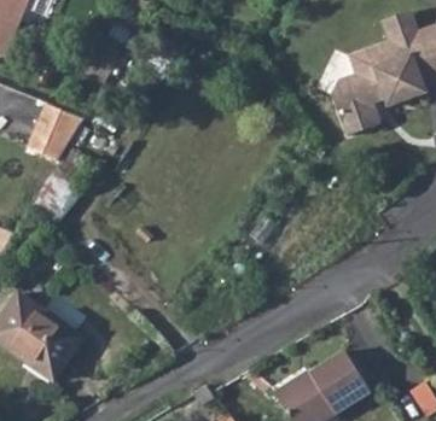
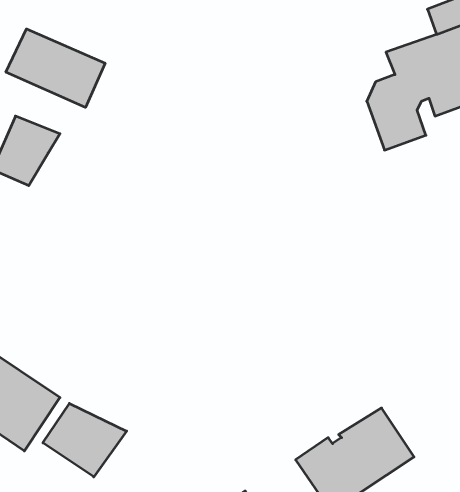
building: none -> [6,29,105,107]
building: none -> [43,403,127,477]

